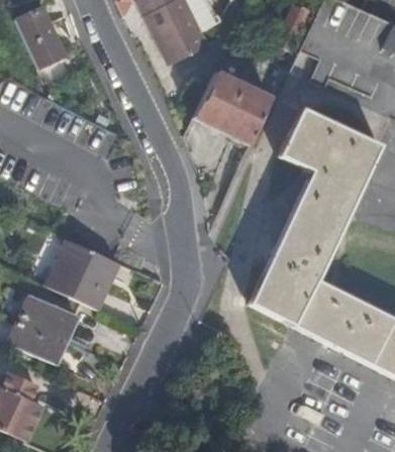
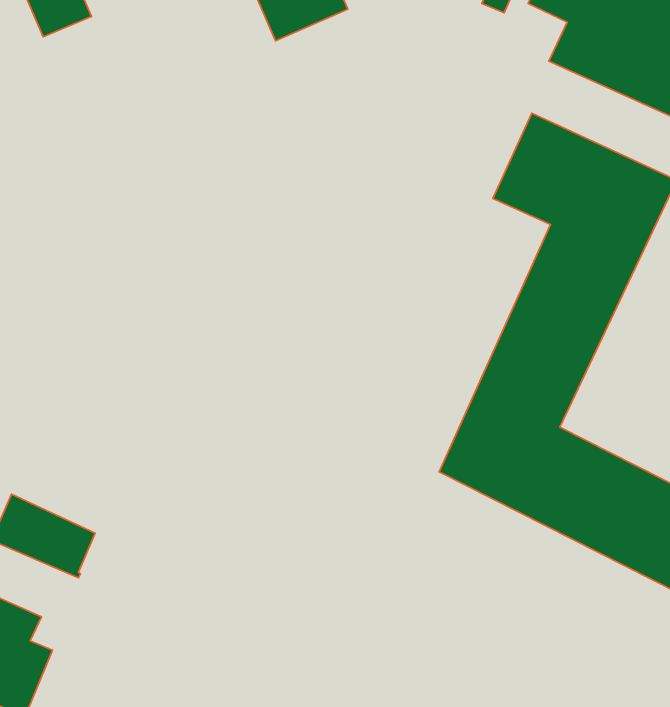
building: [193,74,272,146] -> none
building: [46,237,118,306] -> none
building: [20,292,78,336] -> none

